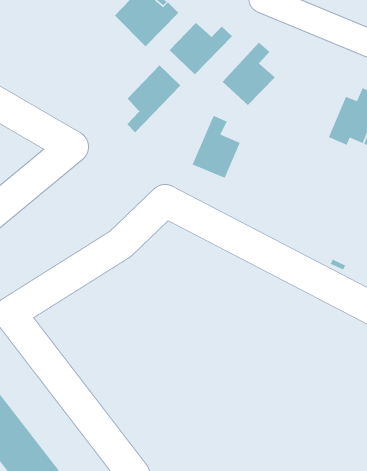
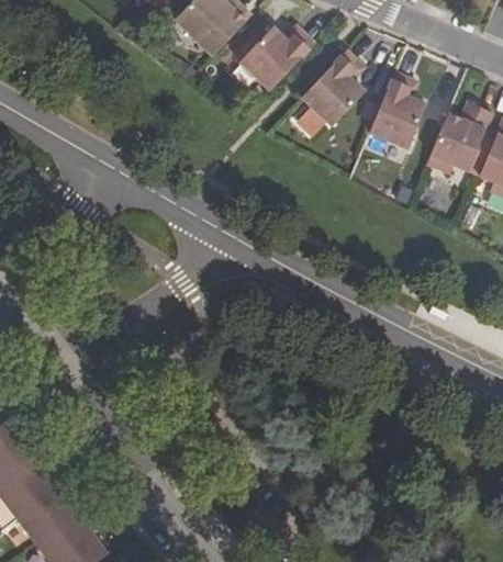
building: [126,64,181,133] -> none
building: [192,115,241,179] -> [369,71,427,147]

